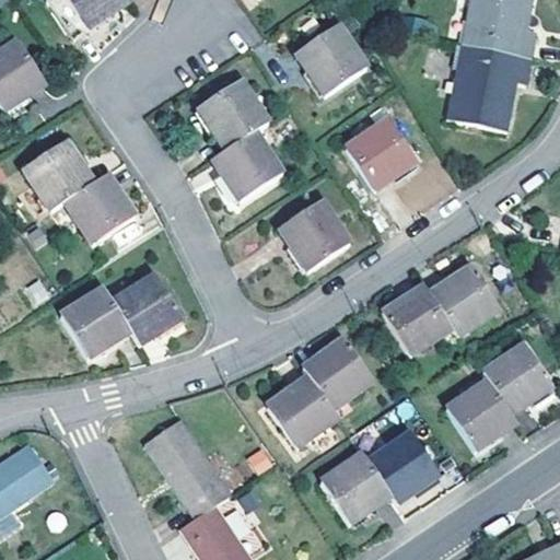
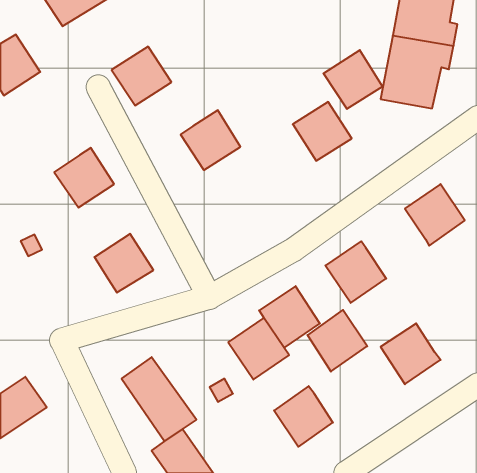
building: [295,24,364,93] -> [323,50,382,109]
building: [199,79,269,148] -> [112,47,171,105]
building: [23,139,94,209] -> none
building: [279,200,348,269] -> none
building: [429,261,499,334] -> [405,184,465,246]
building: [56,284,128,355] -> none
building: [482,341,551,412] -> none
building: [369,431,439,503] -> [307,310,367,372]

